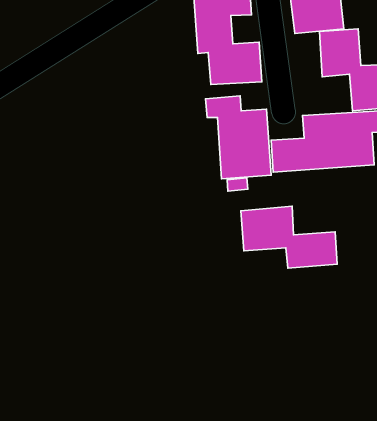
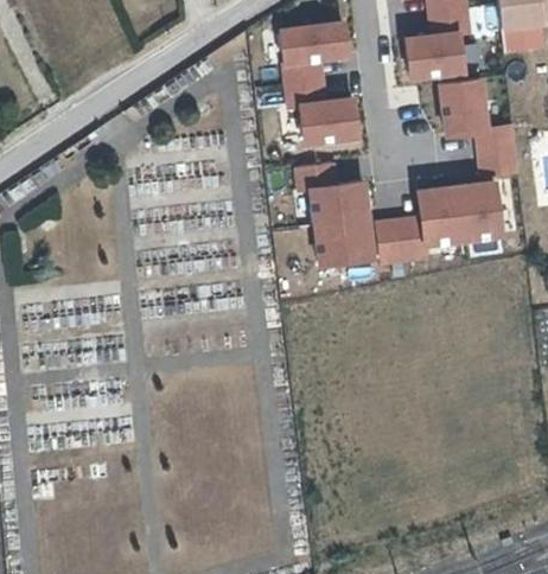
building: [241,206,337,268] -> none

